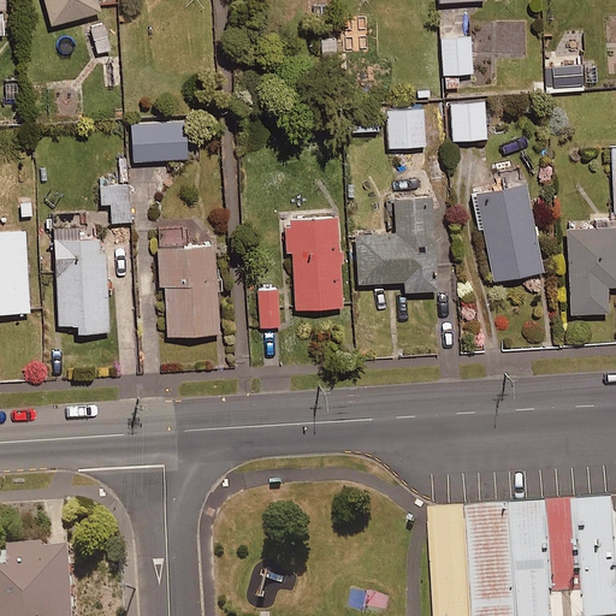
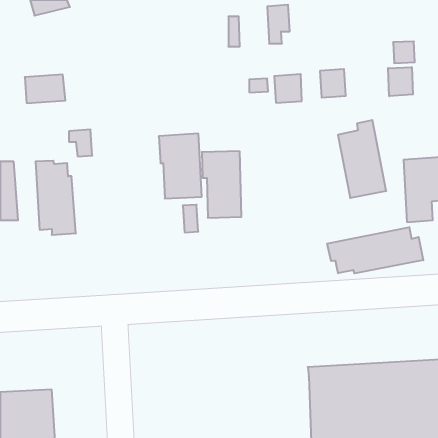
building: [442,36,473,90] -> [267,5,290,44]
building: none -> [388,67,413,96]
building: [130,122,186,161] -> [25,75,65,103]
building: [355,194,436,291] -> none
building: [158,244,218,334] -> [159,134,202,198]
building: none -> [327,227,423,273]

